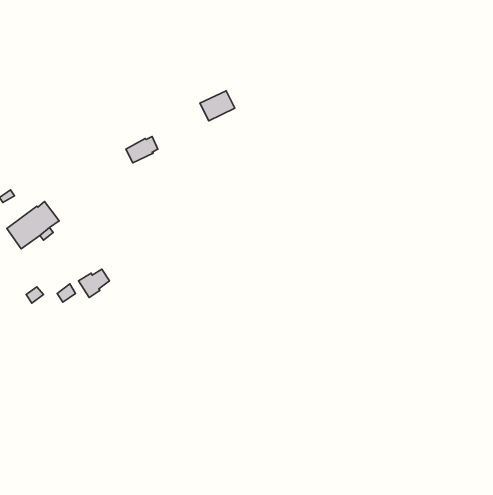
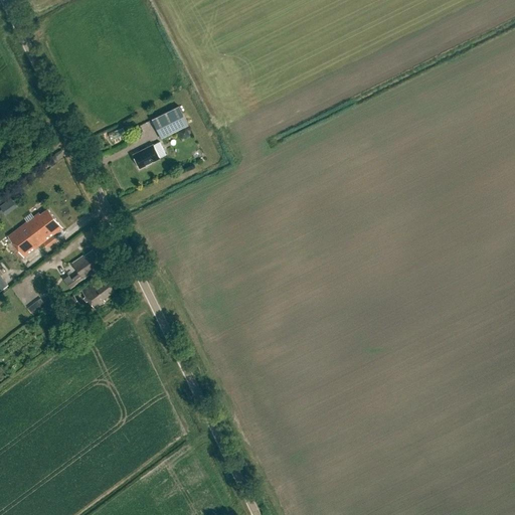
building: [200,91,235,121] -> [150,107,186,138]
building: none -> [62,251,100,289]

